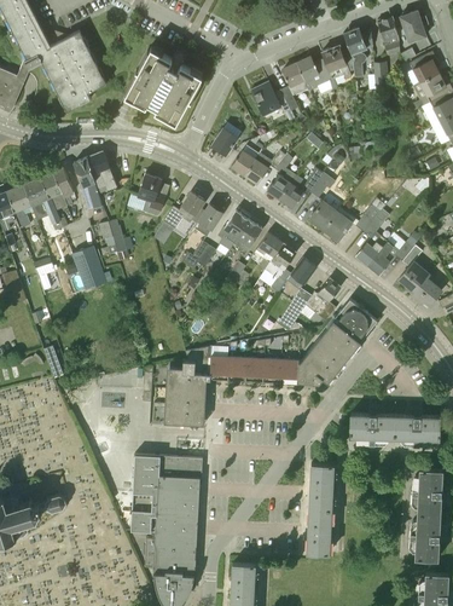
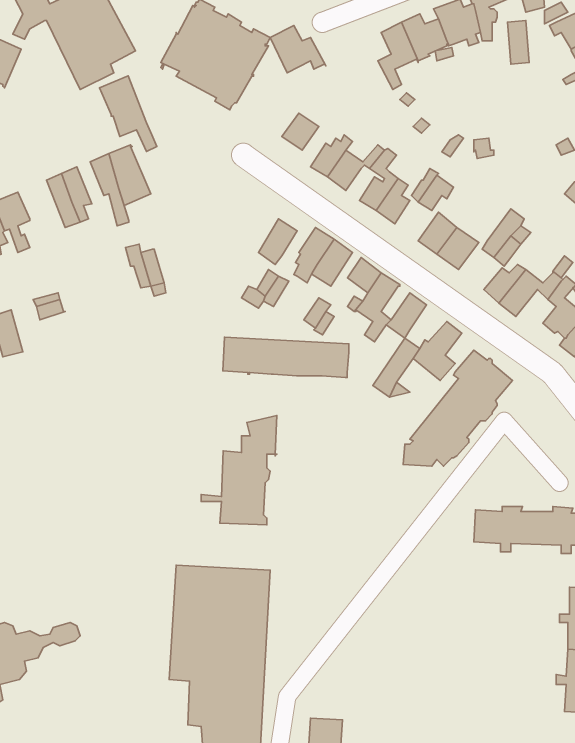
building: [251,82,291,116] -> [270,26,326,73]
building: [137,174,167,217] -> none
building: [22,177,63,231] -> [100,76,157,152]
building: [163,192,205,229] -> none
building: [72,246,108,290] -> none
building: [209,356,300,385] -> [223,337,349,378]
building: [307,464,335,554] -> none

